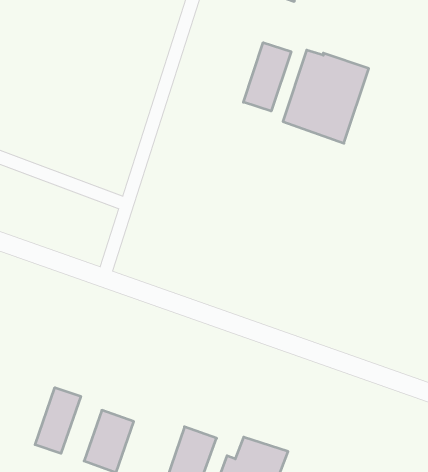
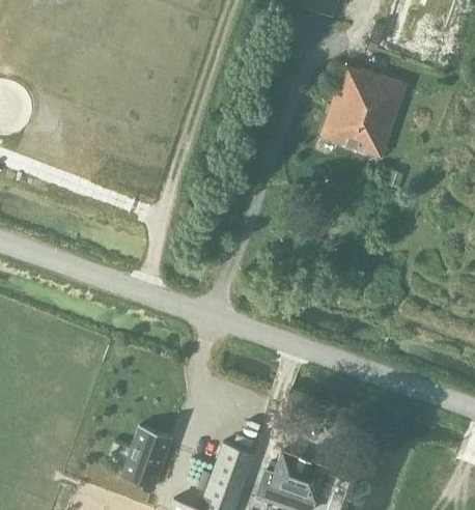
building: [243,43,291,111] -> none
building: [35,388,81,453] -> none

